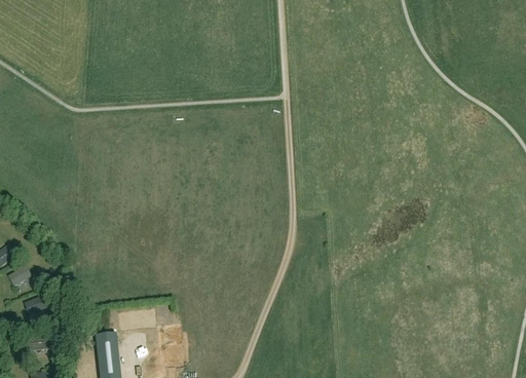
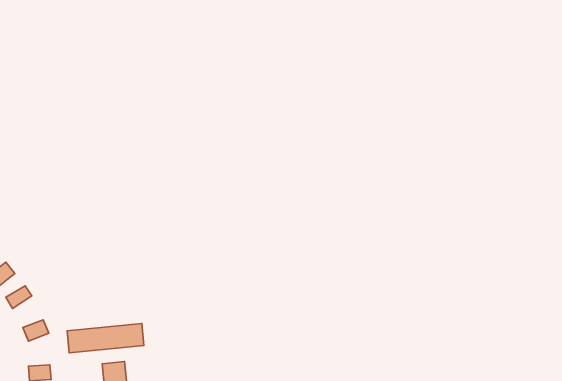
building: none -> [67,324,144,353]

